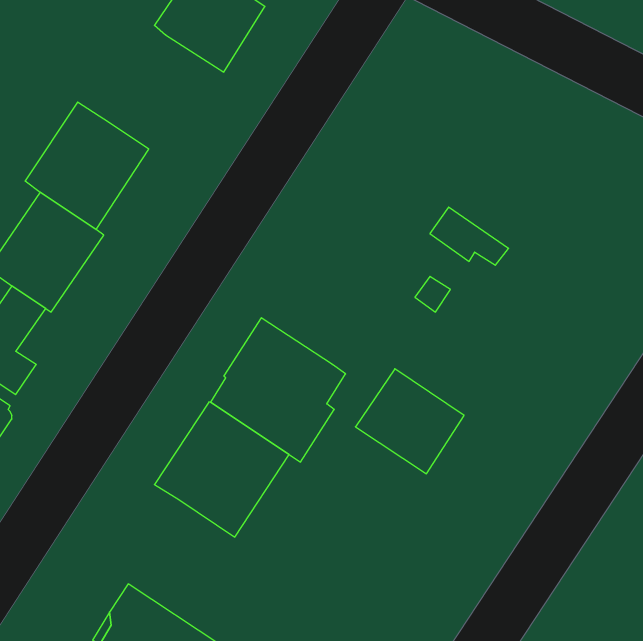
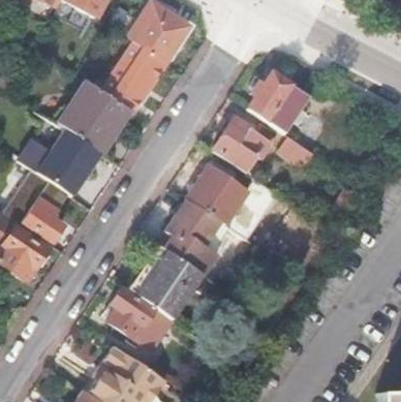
building: none -> [103,42,166,113]
building: none -> [247,72,311,134]
building: none -> [214,118,268,172]
building: [355,369,464,474] -> [187,166,247,224]
building: none -> [109,288,173,350]

